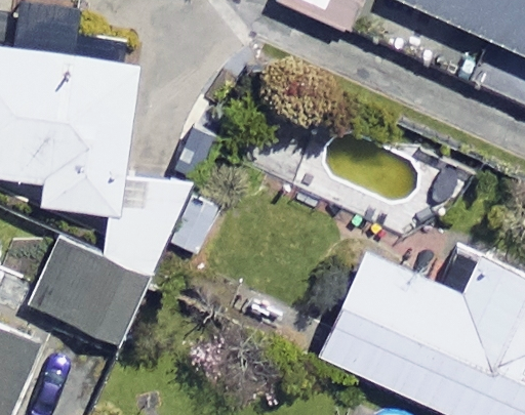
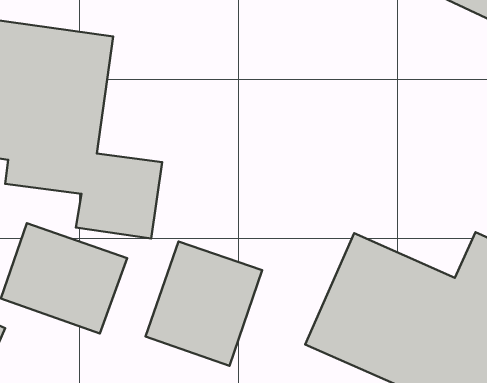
building: none -> [146,242,262,366]

